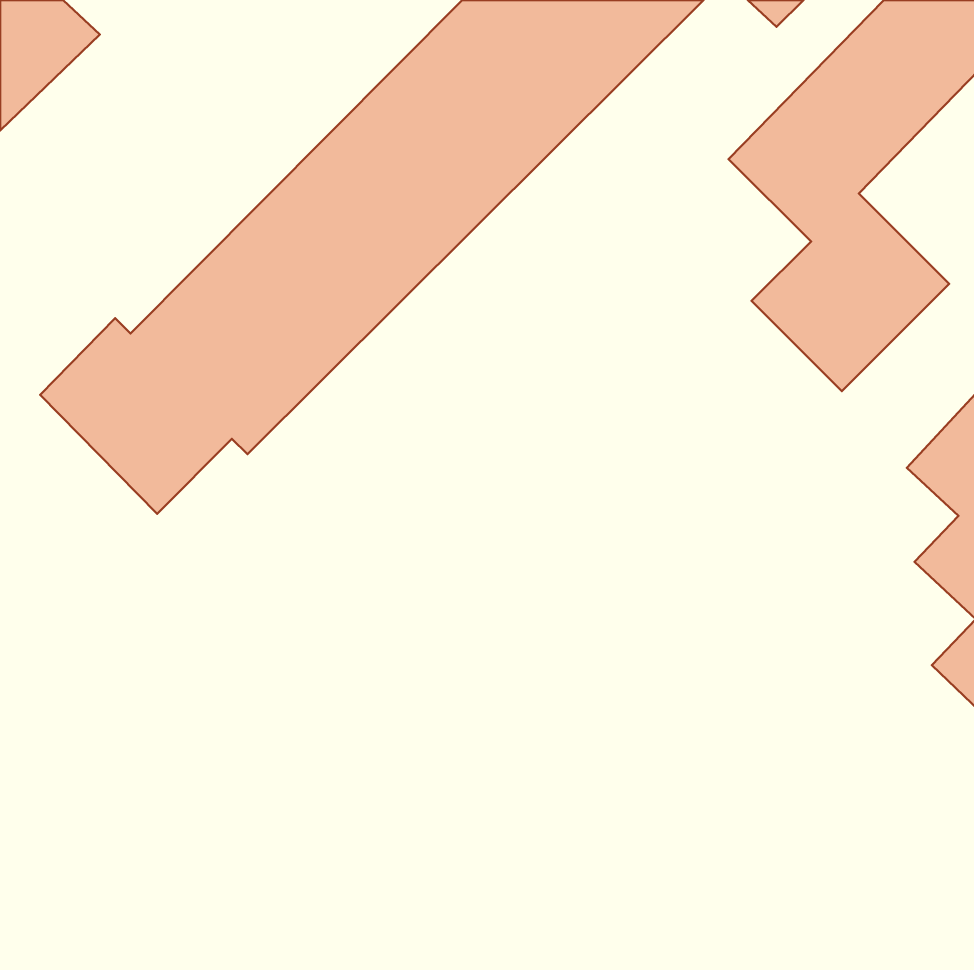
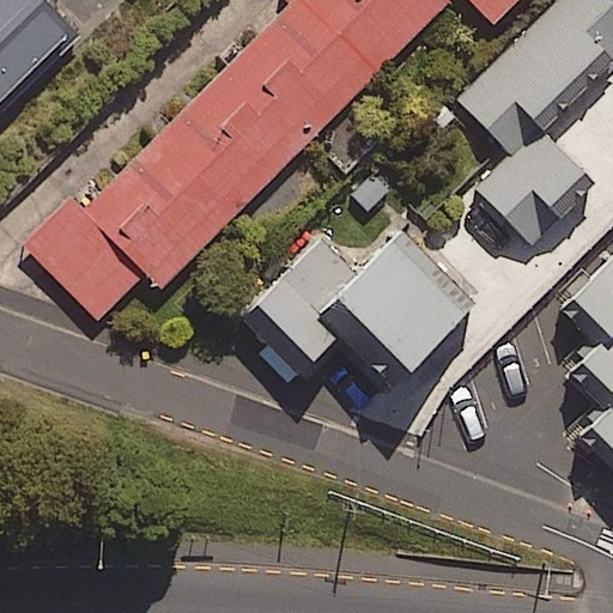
building: none -> [233,216,472,387]

